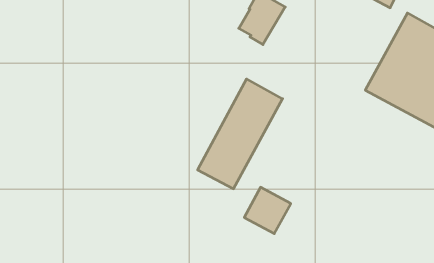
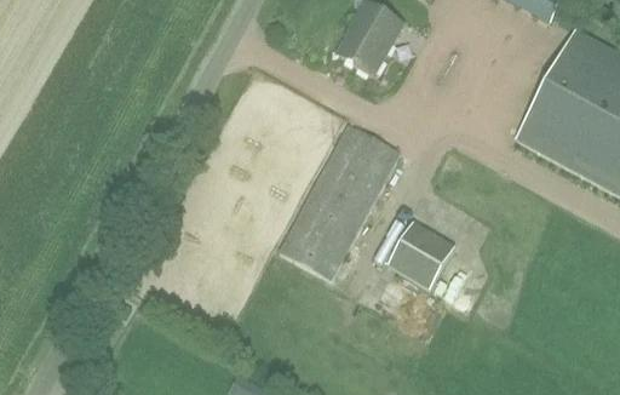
building: [244,187,291,234] -> [388,222,453,287]

